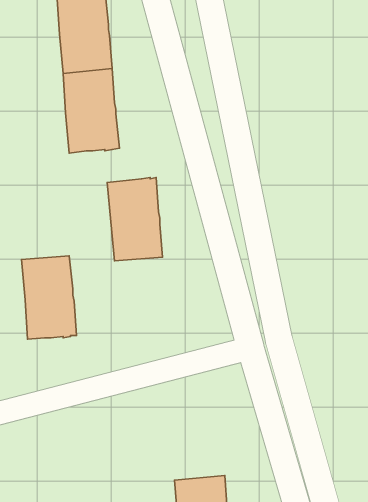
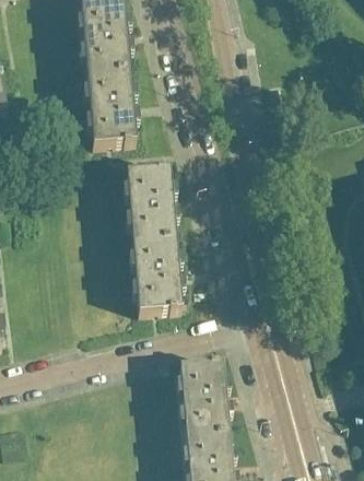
building: [22,256,77,339] -> [132,236,181,310]
building: none -> [179,360,231,435]

